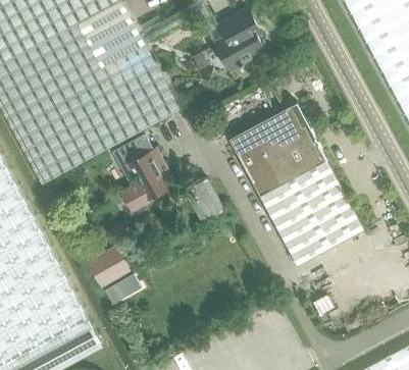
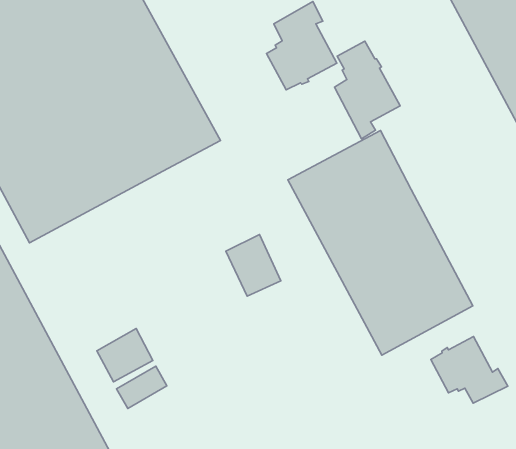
building: none -> [335,41,400,139]
building: [122,137,177,212] -> none
building: none -> [431,336,508,403]

